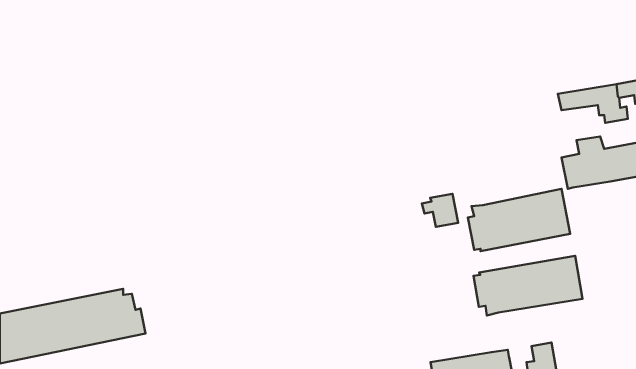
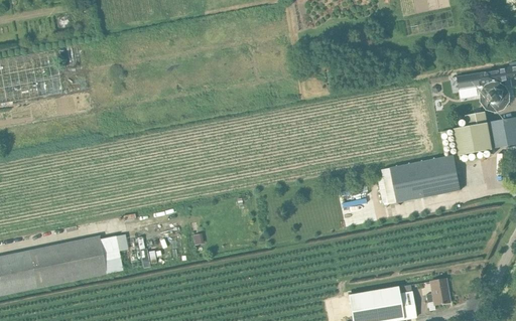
building: [422,194,458,227] -> none
building: [473,256,583,315] -> none

